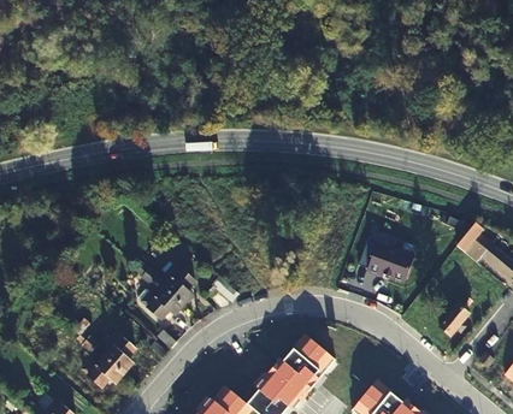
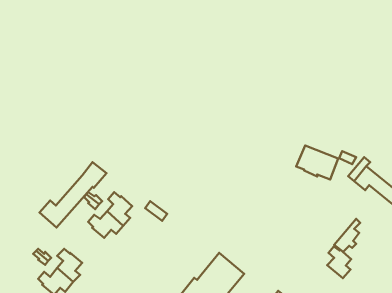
building: none -> [40,162,106,228]
building: [359,241,409,282] -> [296,146,338,179]
building: none -> [327,247,351,278]

